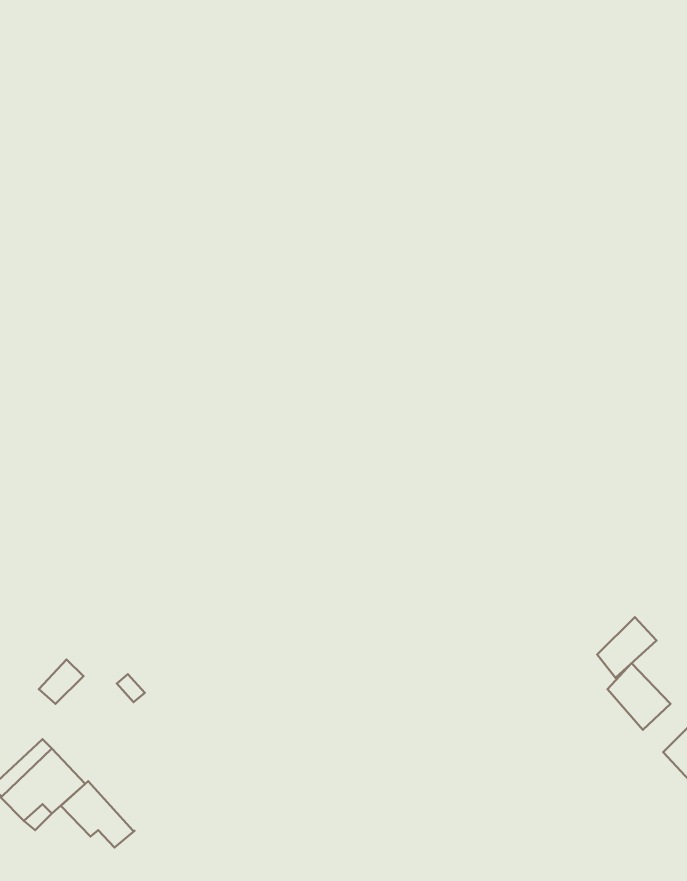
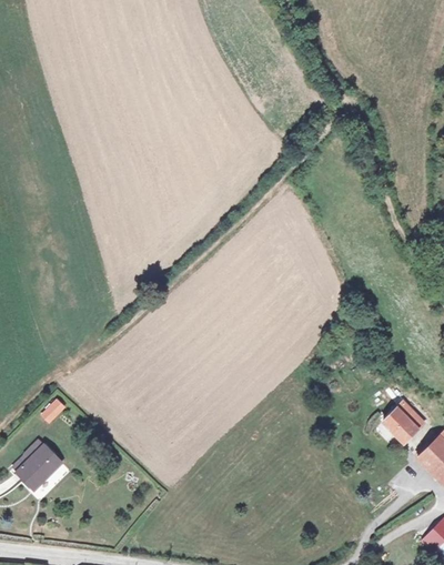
building: [597,617,656,678] -> none
building: [61,781,134,847] -> none

